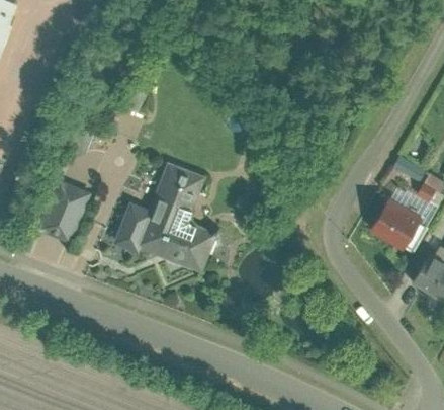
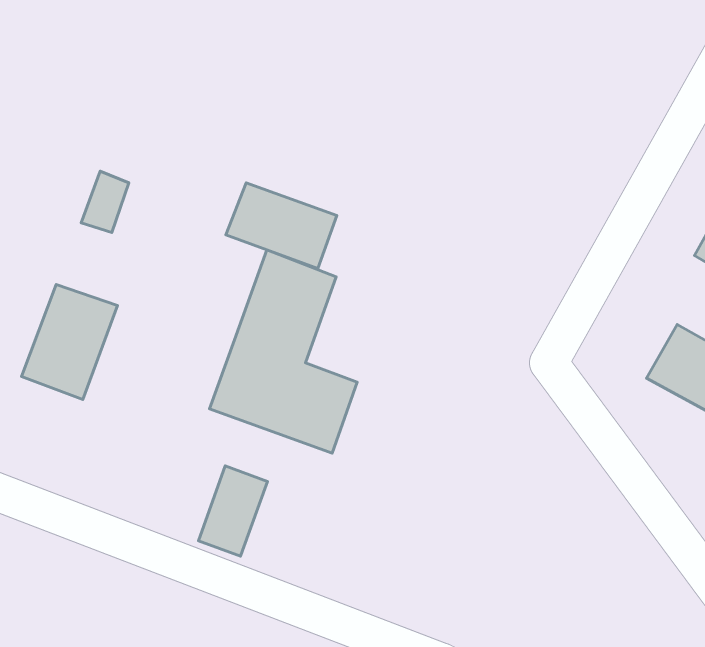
building: none -> [226,183,337,268]
building: [114,202,151,250] -> [198,466,267,556]

